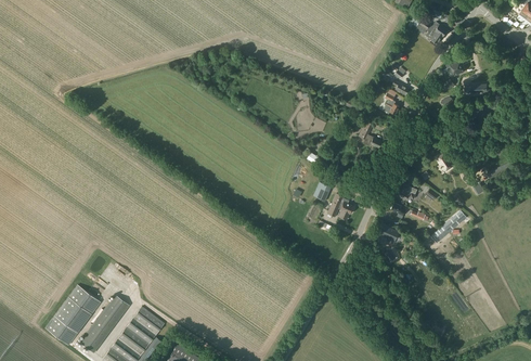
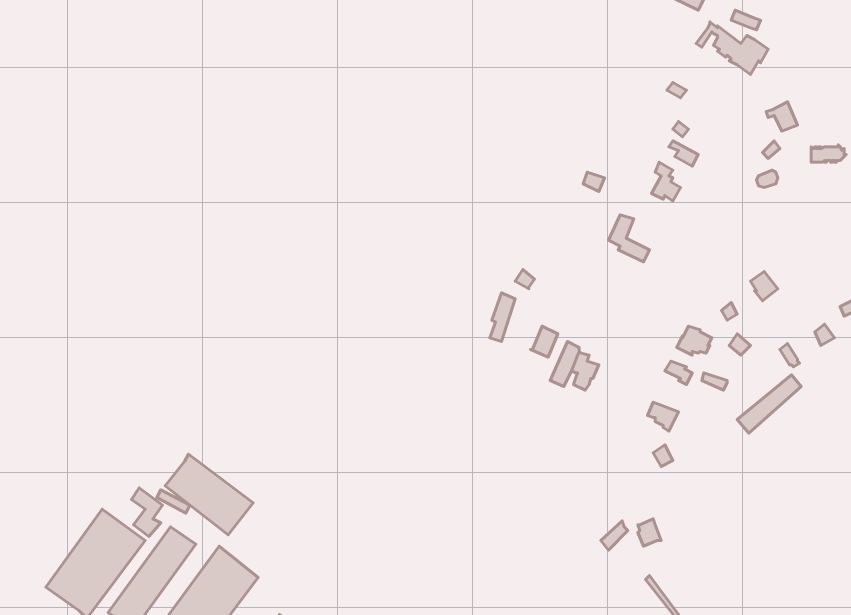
building: none -> [165,454,253,535]

